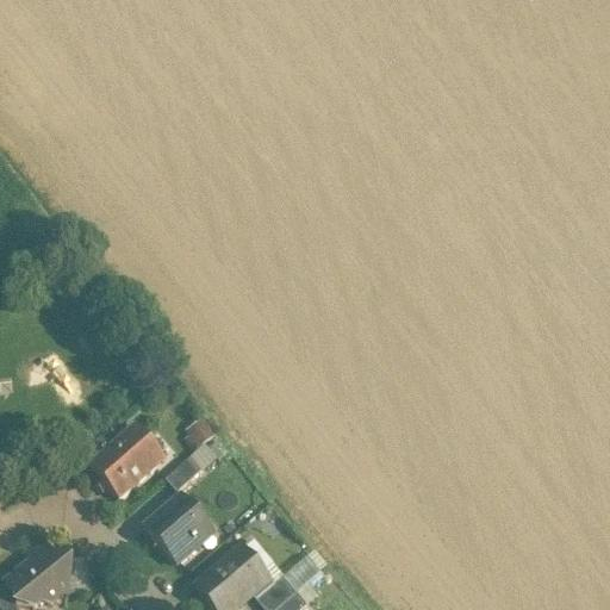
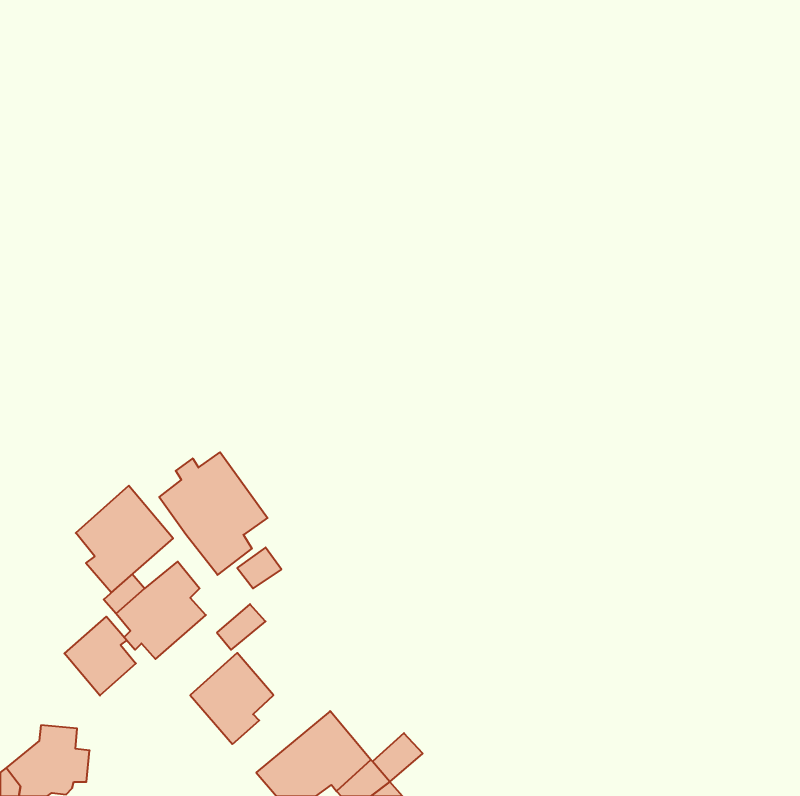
building: none -> [159,452,268,575]
building: none -> [76,486,173,593]
building: none -> [64,617,136,696]

